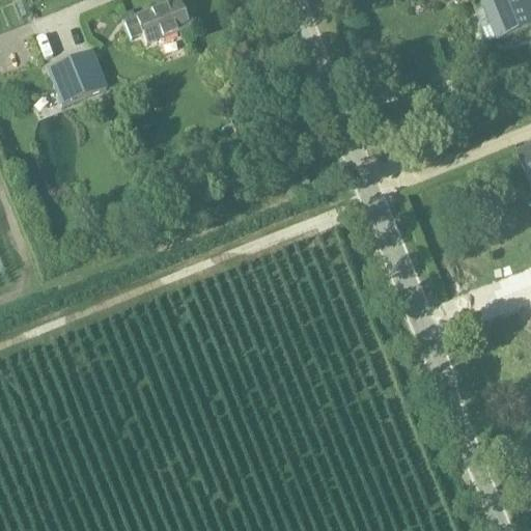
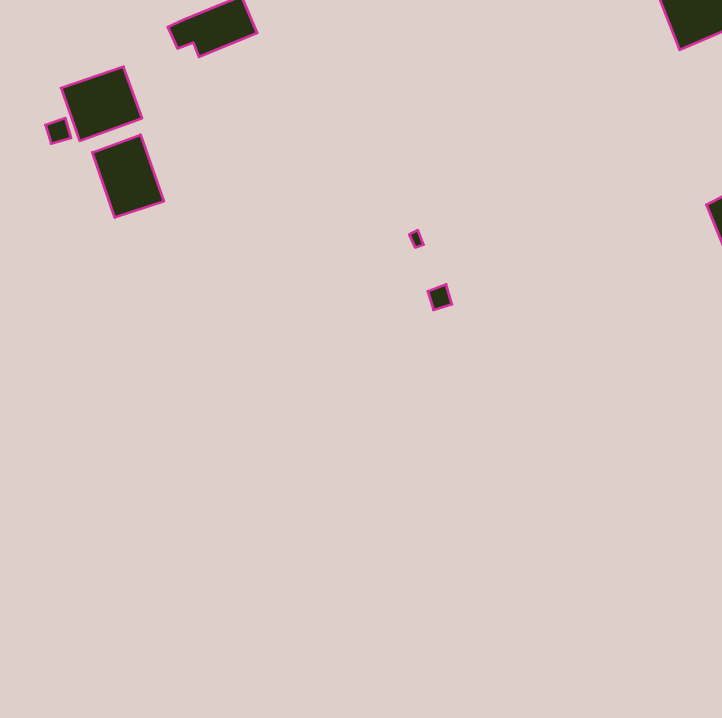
building: none -> [92,135,164,218]

